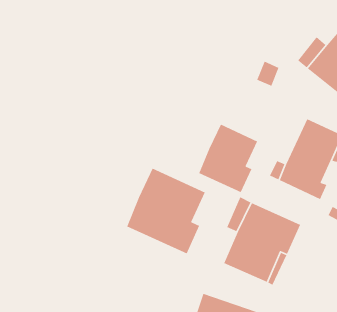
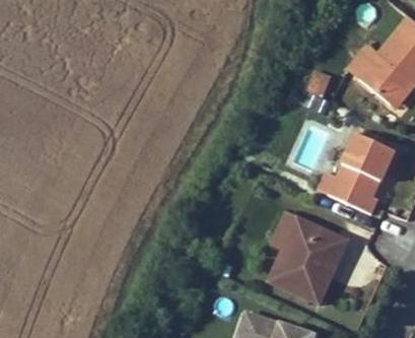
building: [198,124,258,193] -> none
building: [126,167,206,255] -> none

